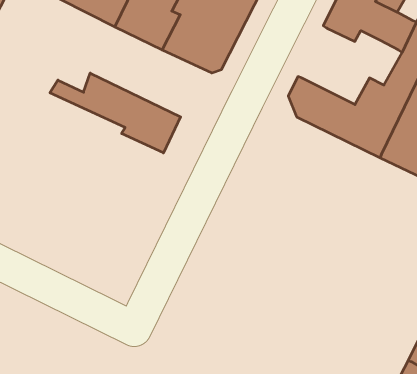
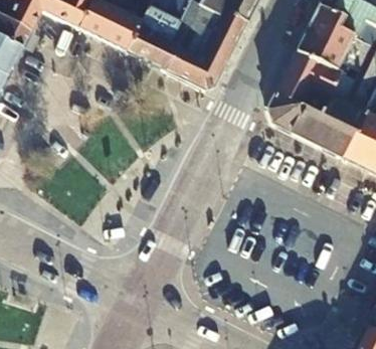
building: none -> [275,50,357,116]
building: [50,73,181,153] -> none

